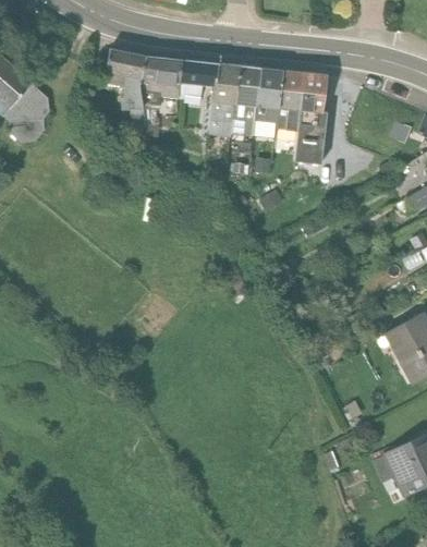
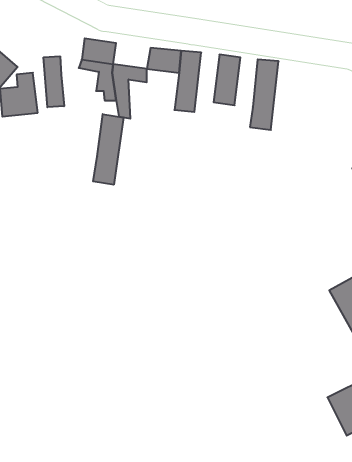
building: [137,53,180,83] -> none
building: [230,64,258,135] -> none
building: none -> [44,56,64,107]
building: [276,70,302,126] -> none
building: none -> [93,114,123,185]

